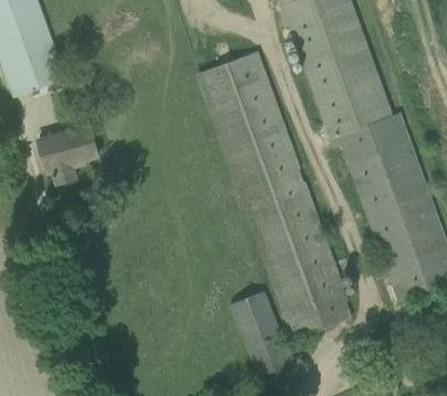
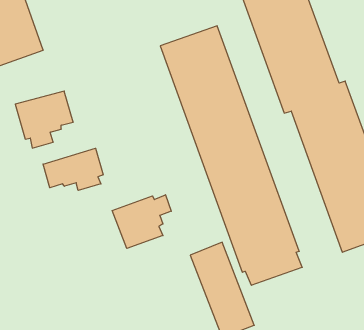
building: none -> [43,148,103,190]
building: none -> [112,195,171,248]

